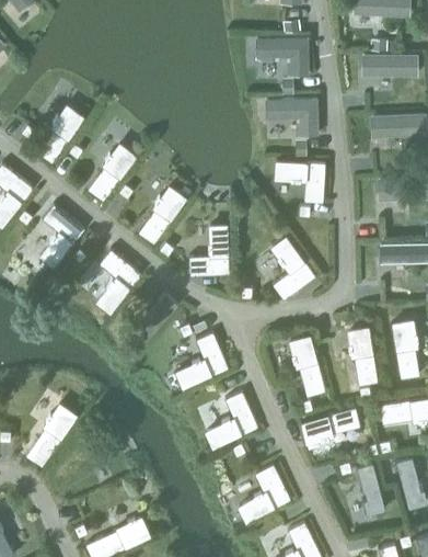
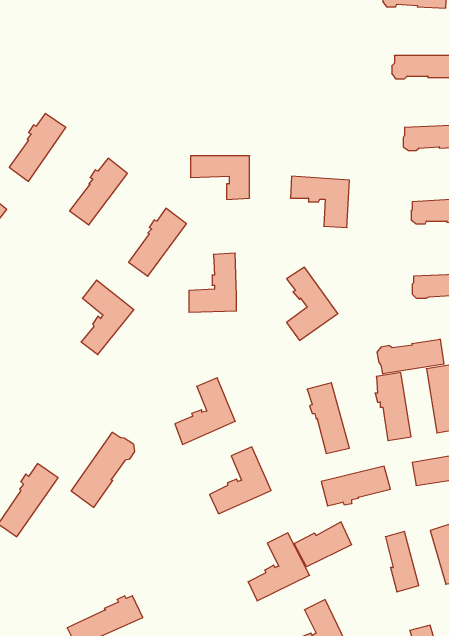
building: [256,38,308,76] -> none
building: [266,100,316,137] -> [191,156,250,199]
building: [41,204,84,268] -> none
building: none -> [377,339,444,374]
building: none -> [71,432,134,507]
building: none -> [294,522,352,567]

